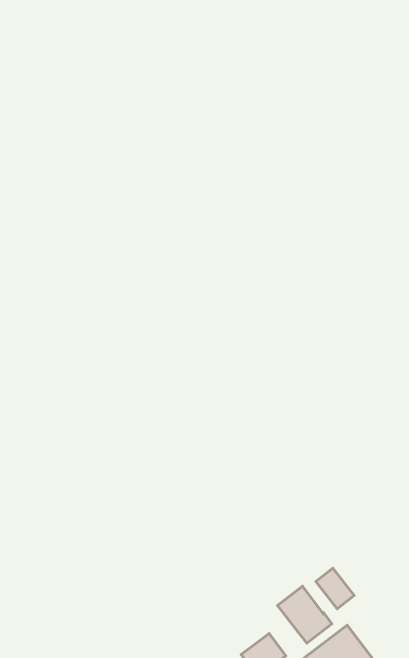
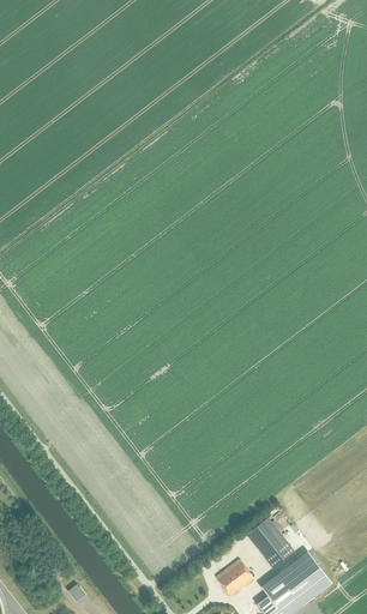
building: [316,568,354,609] -> none

